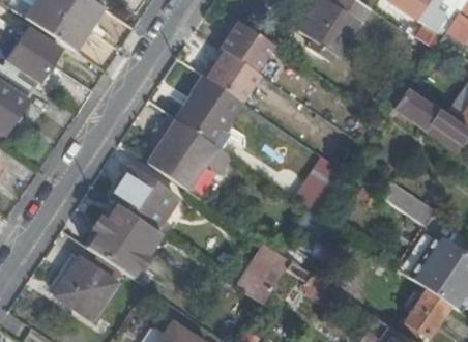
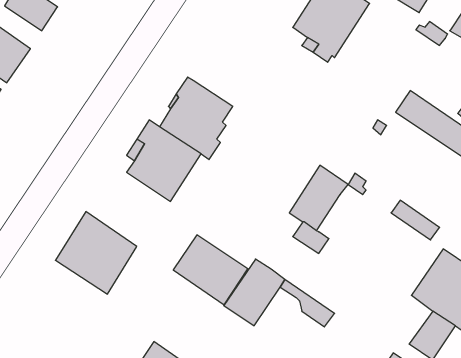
building: [208,22,275,103] -> none
building: [110,167,178,231] -> [173,235,248,305]
building: [54,258,115,320] -> none

